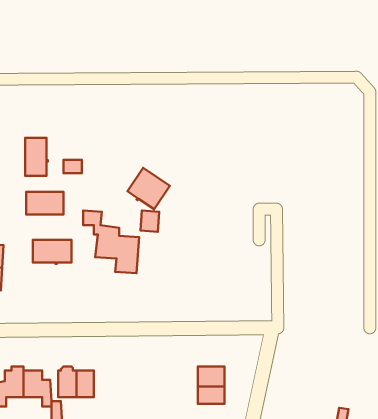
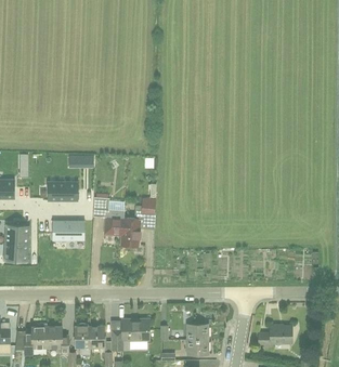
building: [25,138,48,176] -> none
building: [127,168,170,209] -> none
building: none -> [110,318,148,350]
building: none -> [258,324,291,345]

